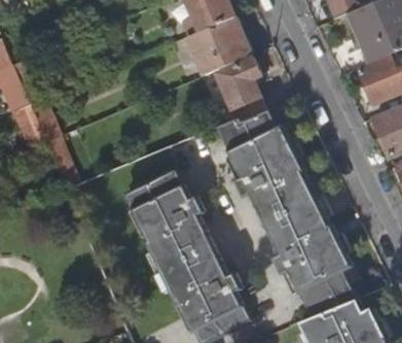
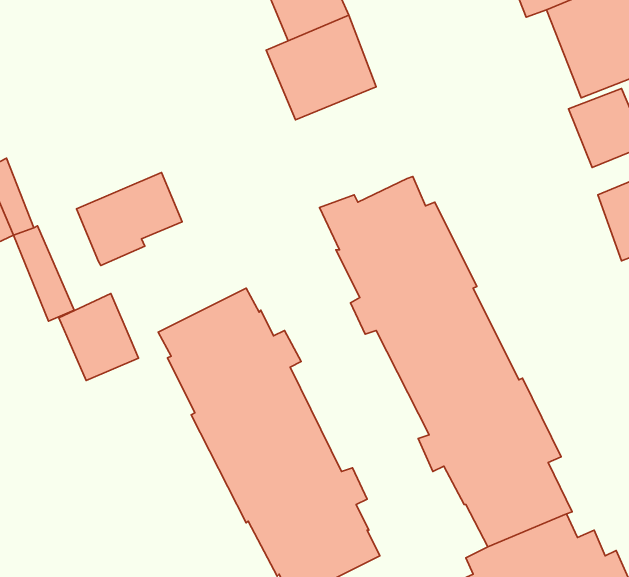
building: [198,56,266,124] -> none
building: none -> [76,172,182,266]
building: none -> [59,293,139,381]

